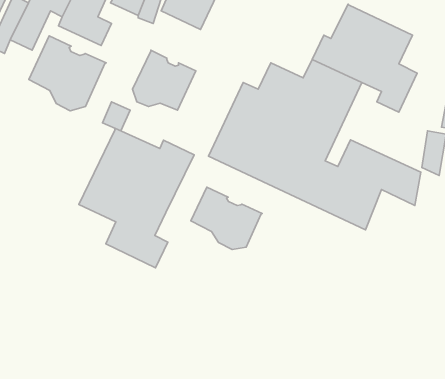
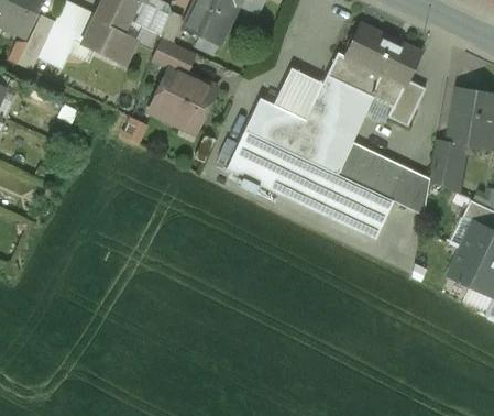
building: none -> [152,41,194,74]
building: [29,36,106,111] -> none
building: [79,128,194,268] -> none
building: [191,187,262,250] -> none

